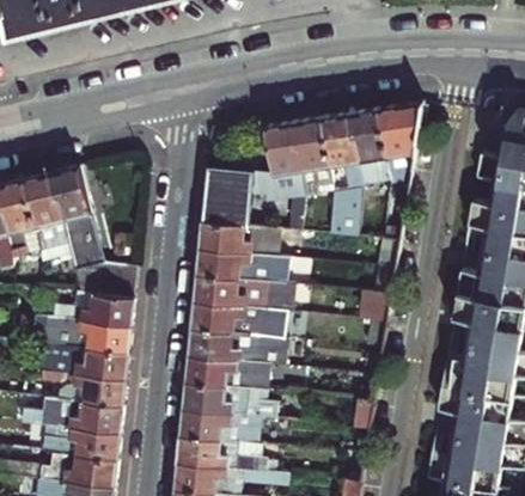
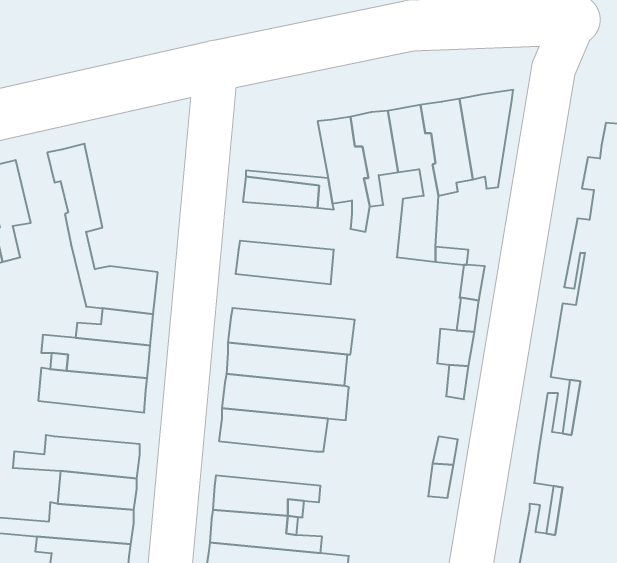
building: [20,166,65,244] -> none
building: [200,206,279,244] -> none
building: [194,263,285,299] -> none
building: [37,365,123,399] -> none
building: [181,397,295,435] -> none

